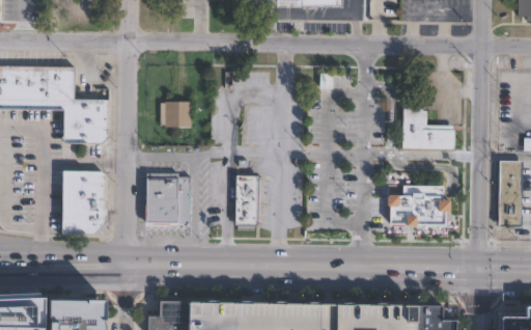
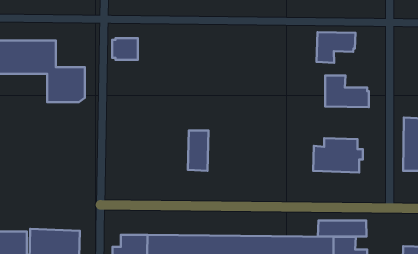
building: none -> [316,32,355,63]
building: [161,101,192,127] -> [112,38,138,60]
building: [62,170,108,233] -> none
building: [147,172,193,223] -> none
building: none -> [318,220,367,237]

